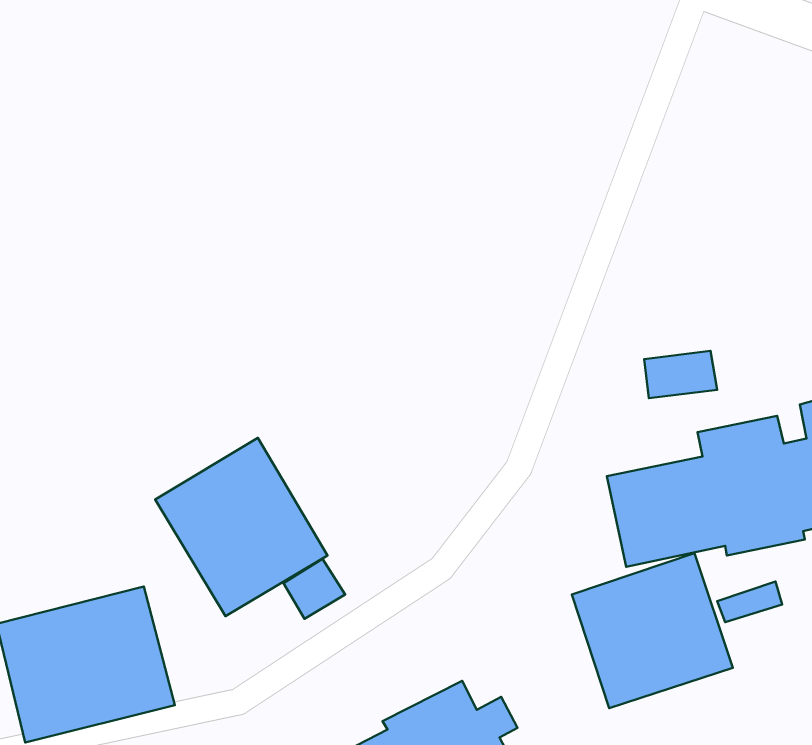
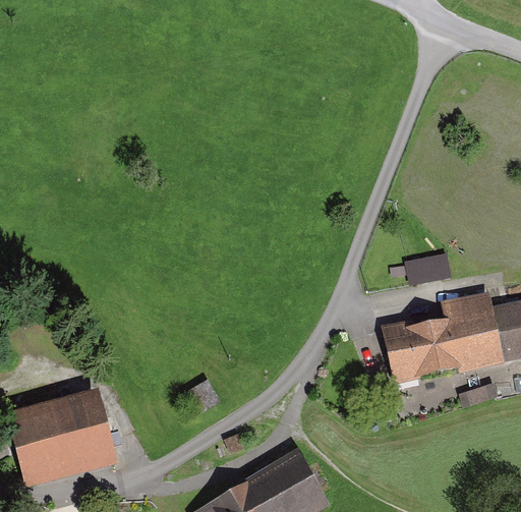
building: [155,438,327,616] -> none
building: [572,553,733,708] -> none

